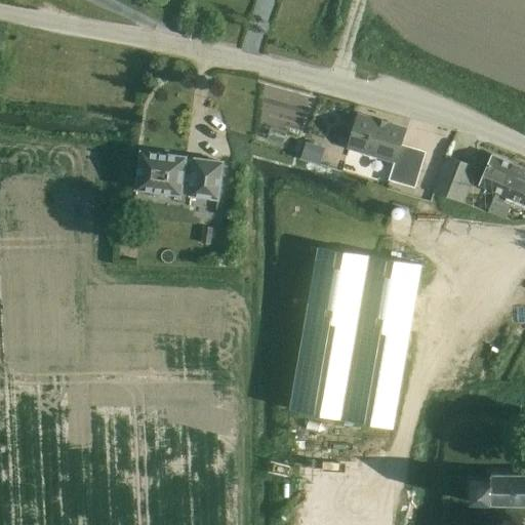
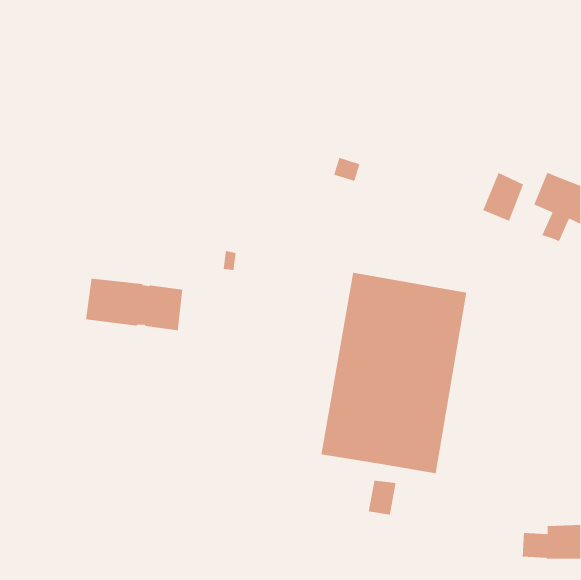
building: [349,113,426,189] -> none
building: [135,152,224,200] -> [85,278,183,331]
building: none -> [368,480,396,516]

